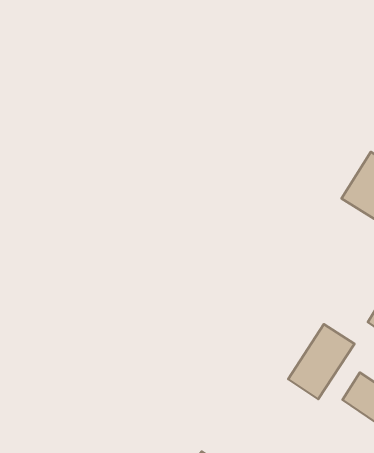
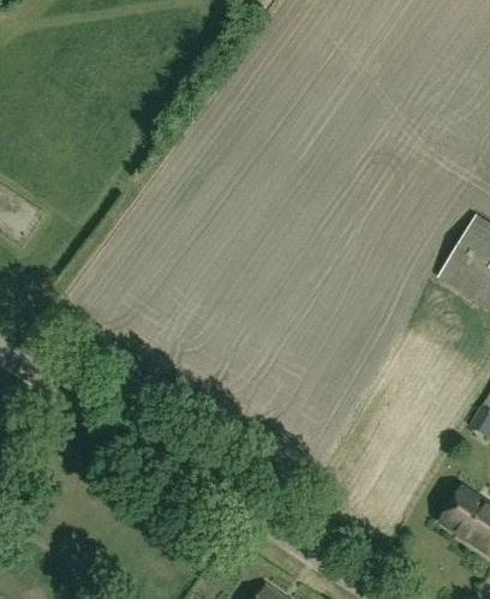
building: [288,324,355,399] -> none

